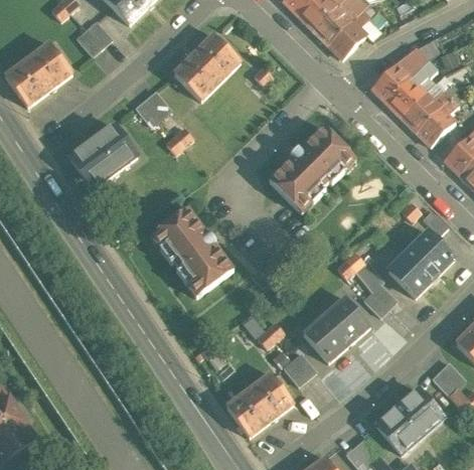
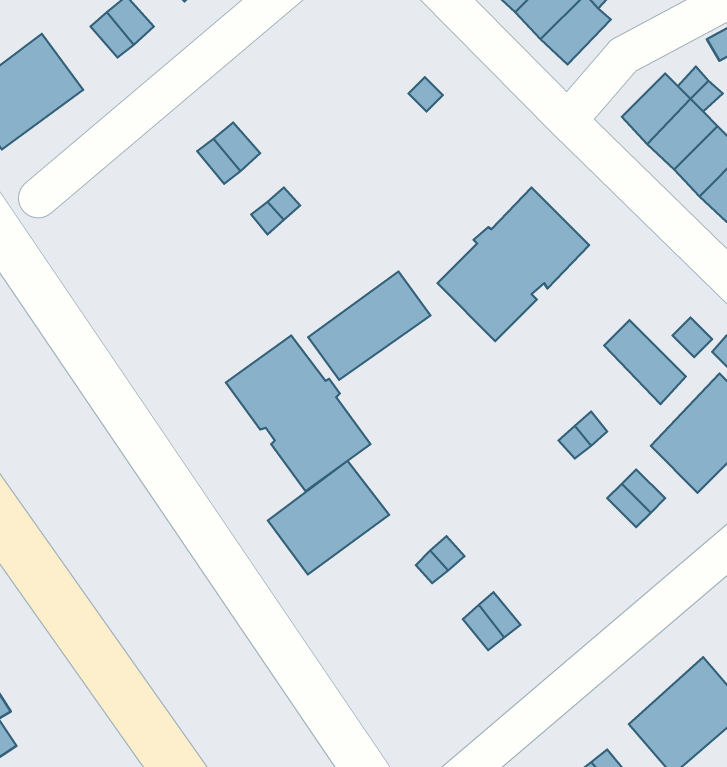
building: [174,33,241,100] -> none
building: [69,124,137,188] -> none
building: none -> [308,271,431,380]
building: none -> [604,320,686,404]
building: [303,297,370,362] -> none
building: [226,372,294,436] -> [268,461,389,575]

